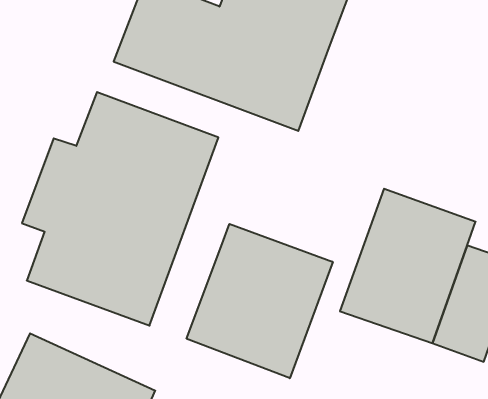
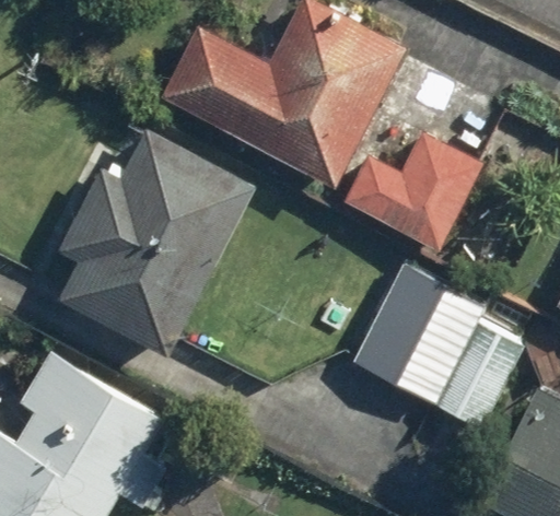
building: none -> [347,129,489,253]
building: [187,224,333,378] -> none

